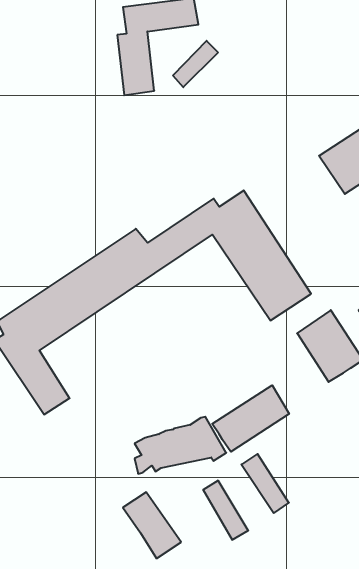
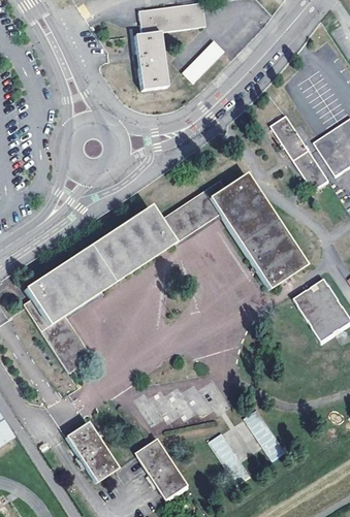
building: none -> [271,115,328,190]
building: [212,385,289,452] -> none
building: none -> [66,420,119,481]

